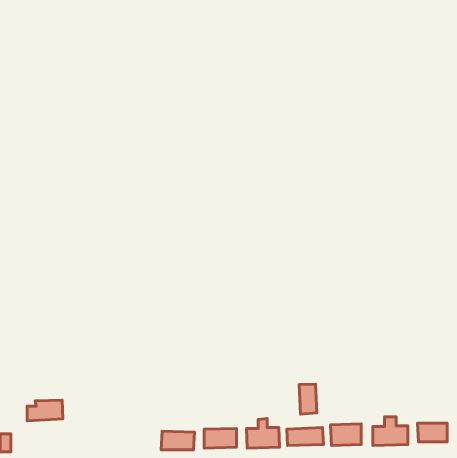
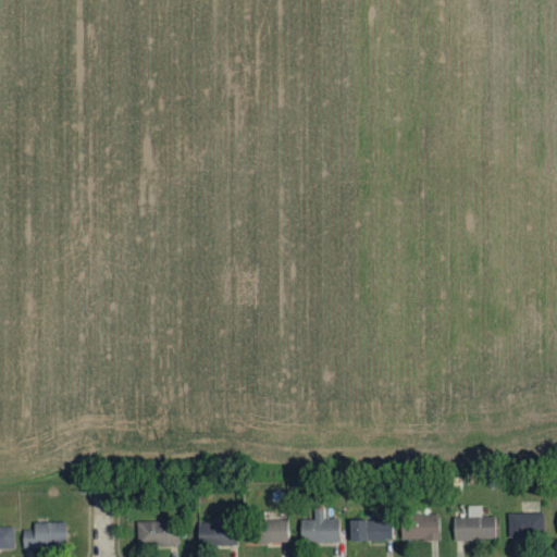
building: [299,384,317,414] -> none
building: [27,400,63,421] -> [23,522,66,547]
building: none -> [137,521,178,547]

